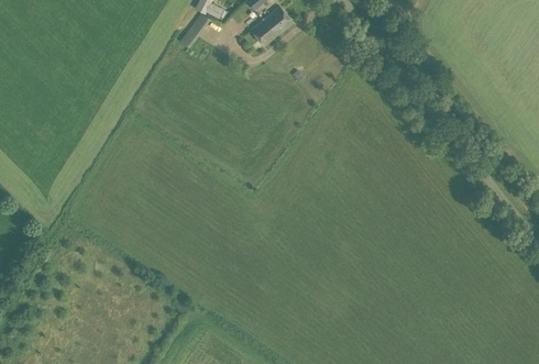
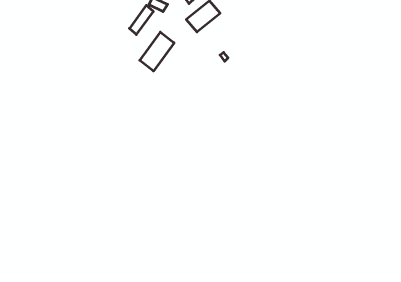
building: none -> [140,32,174,71]

